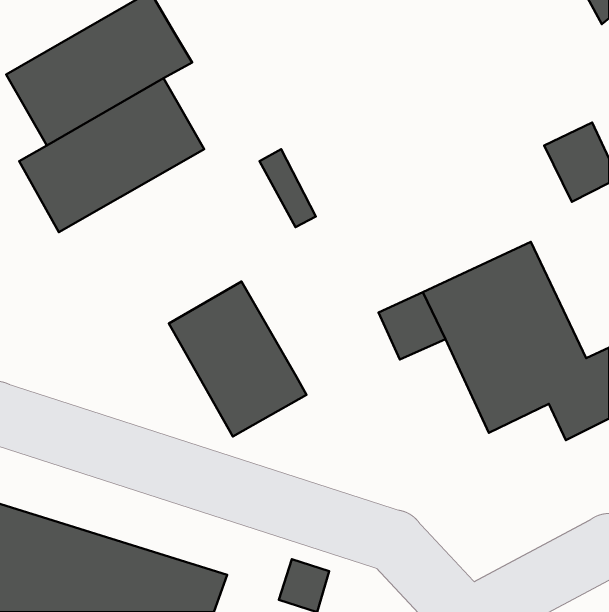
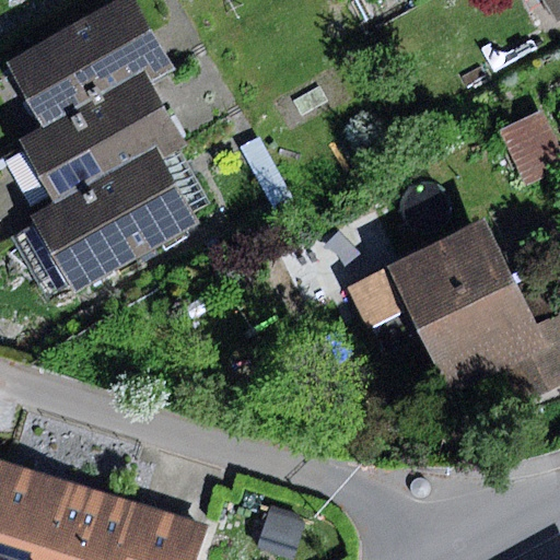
building: none -> [34,148,207,295]
building: [169,281,306,436] -> none

